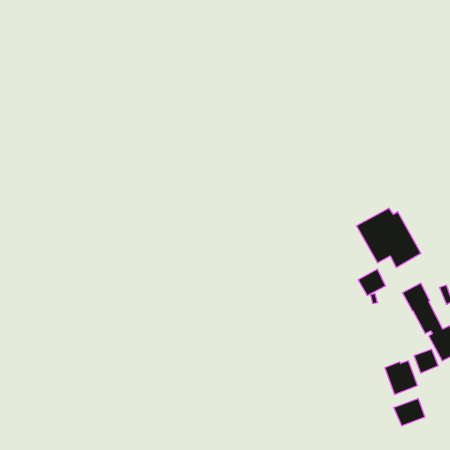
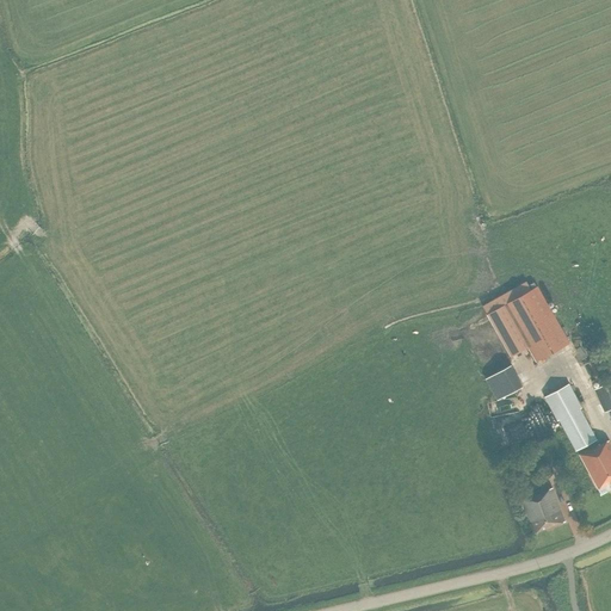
building: [414,349,438,373] -> none
building: [394,398,425,426] -> none

